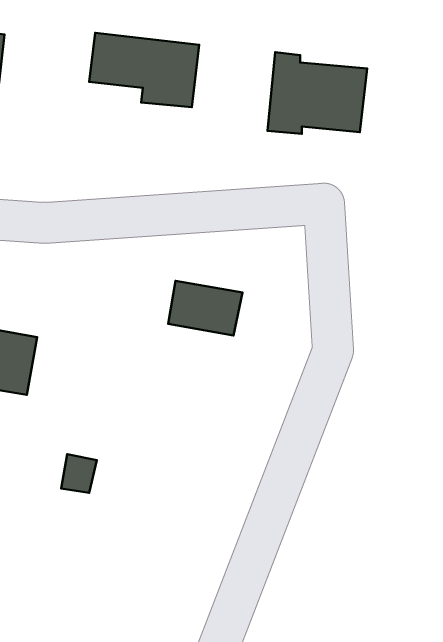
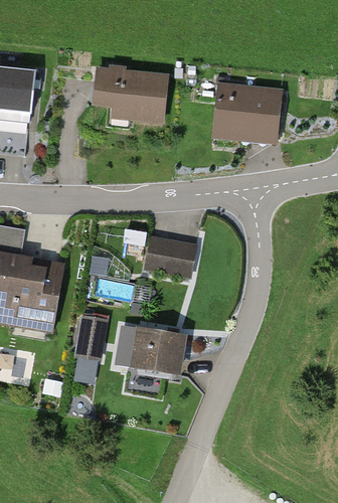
building: none -> [78,313,106,358]
building: none -> [118,324,183,372]

